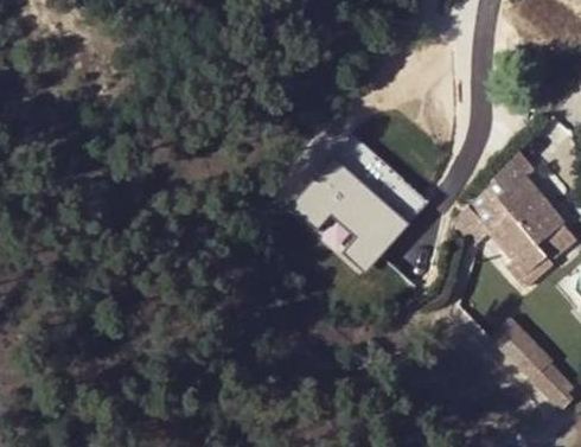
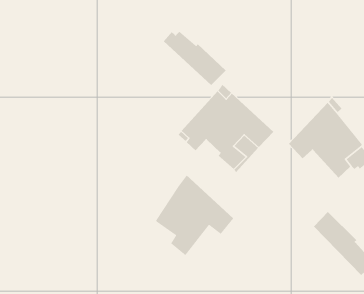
building: none -> [163,31,226,86]
building: none -> [155,174,234,256]

